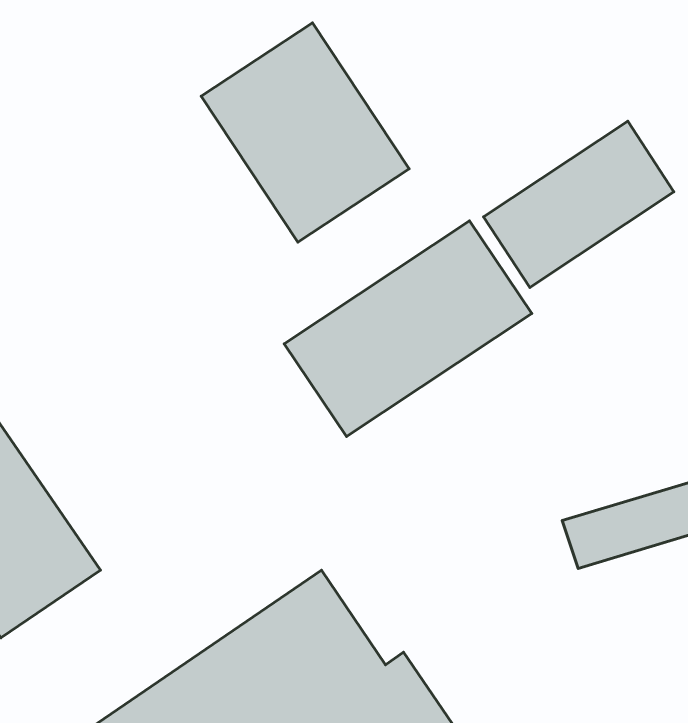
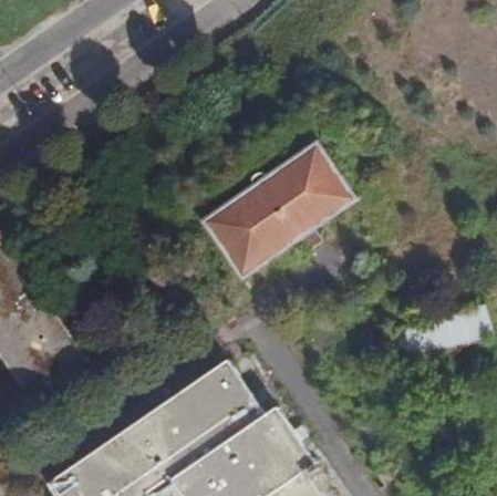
building: [201,23,409,242] -> none
building: [484,121,674,287] -> none

